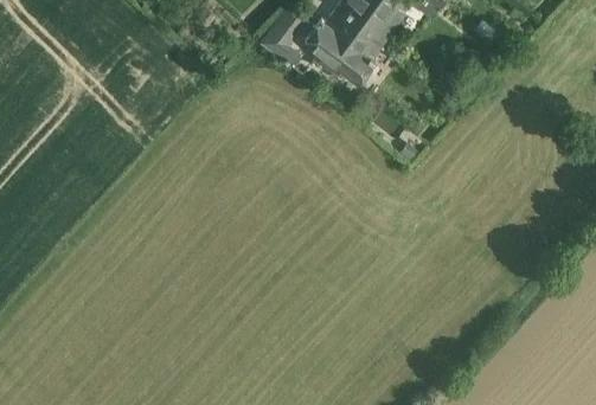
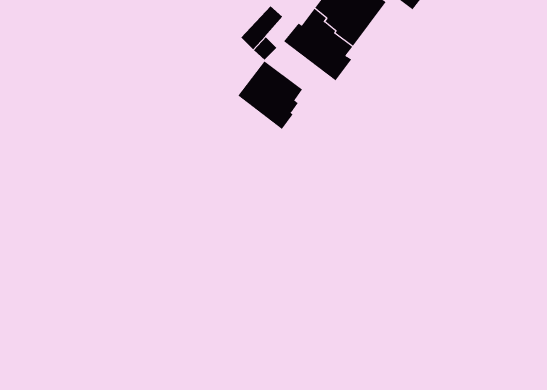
building: none -> [237,61,303,130]

